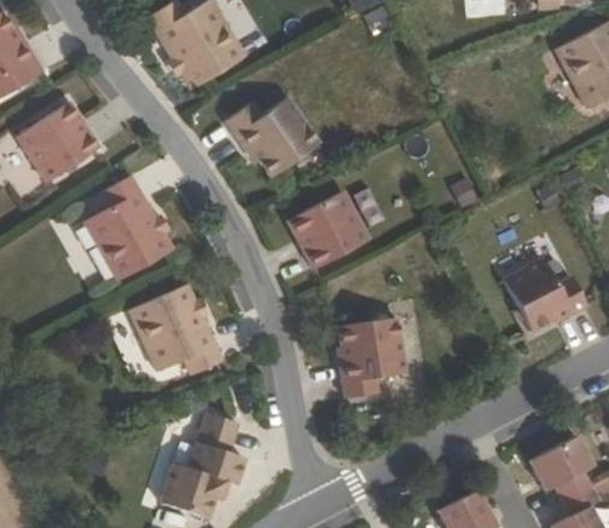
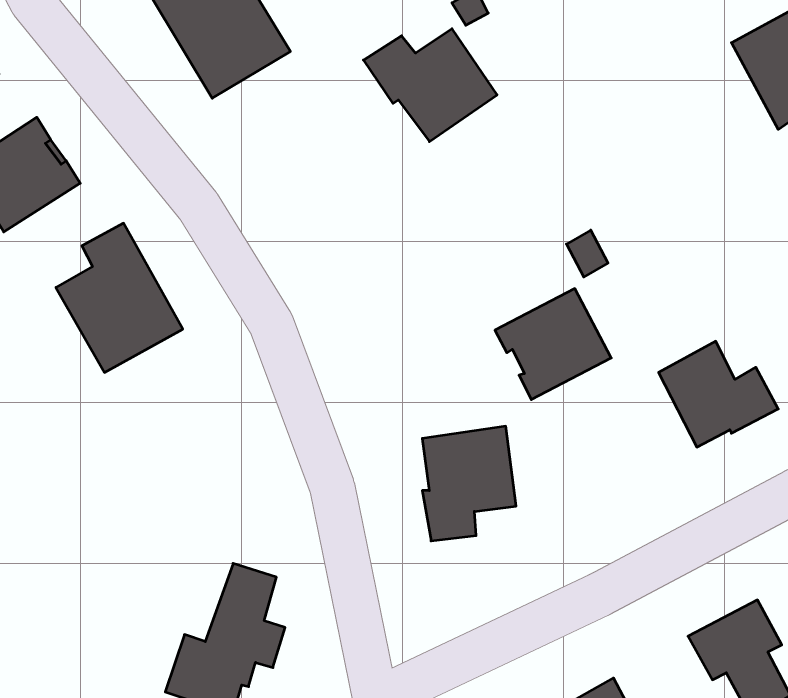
building: [226,97,320,176] -> [363,29,497,142]
building: [288,191,369,269] -> [495,289,611,400]
building: [131,283,223,375] -> none

